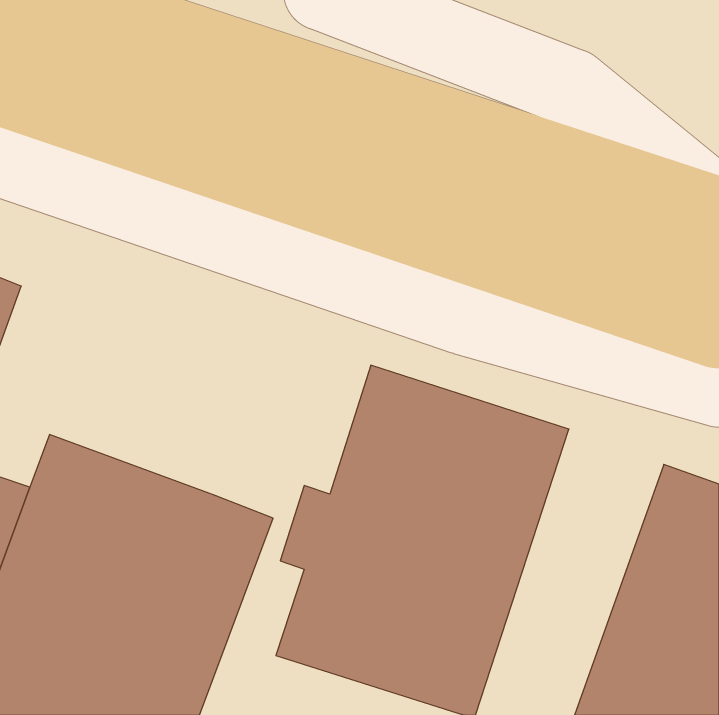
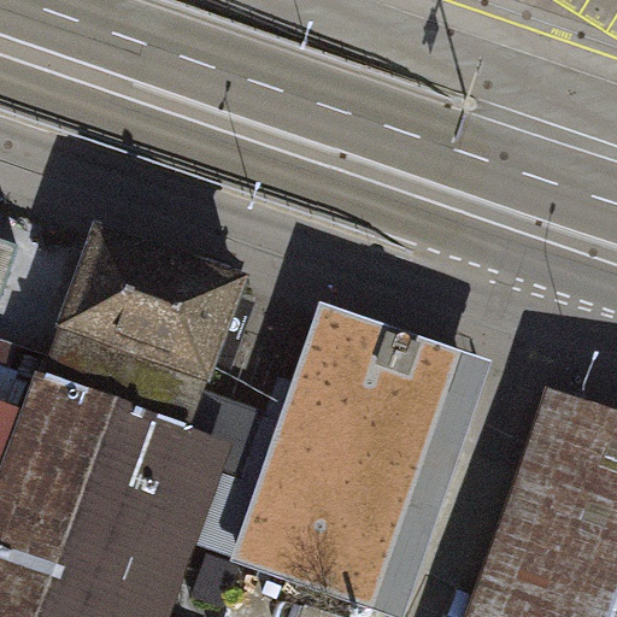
building: none -> [42,241,230,422]

